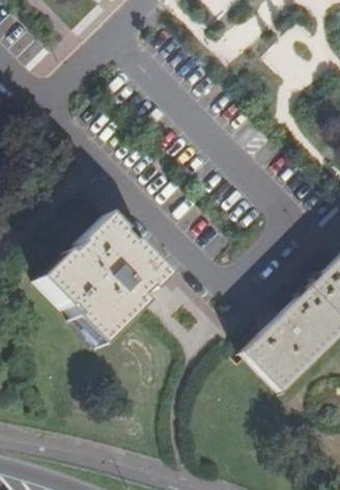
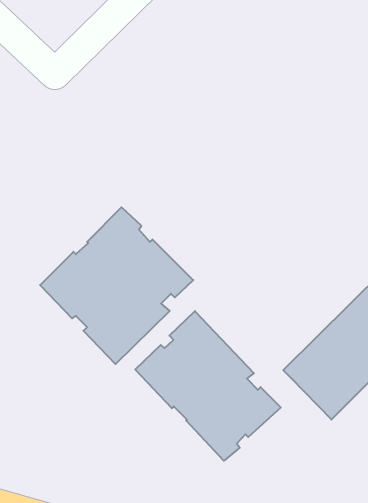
building: none -> [135,311,281,461]

